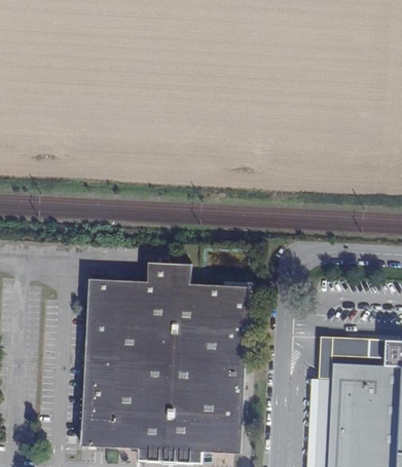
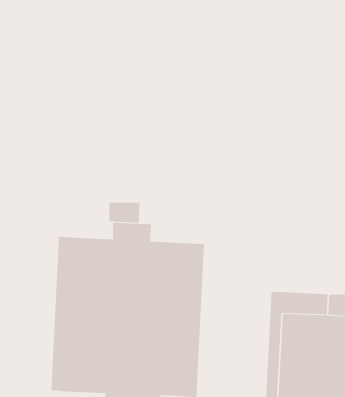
building: none -> [109,202,140,223]

